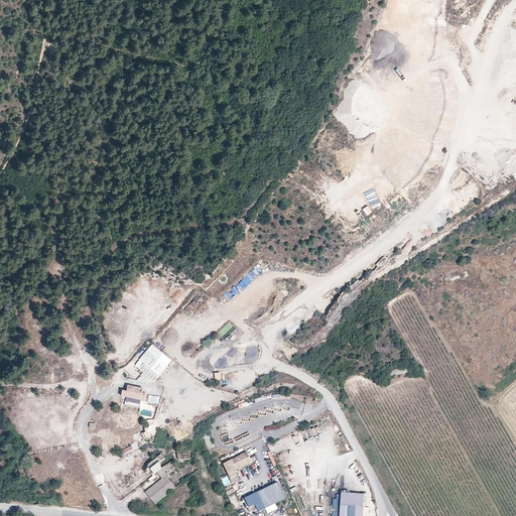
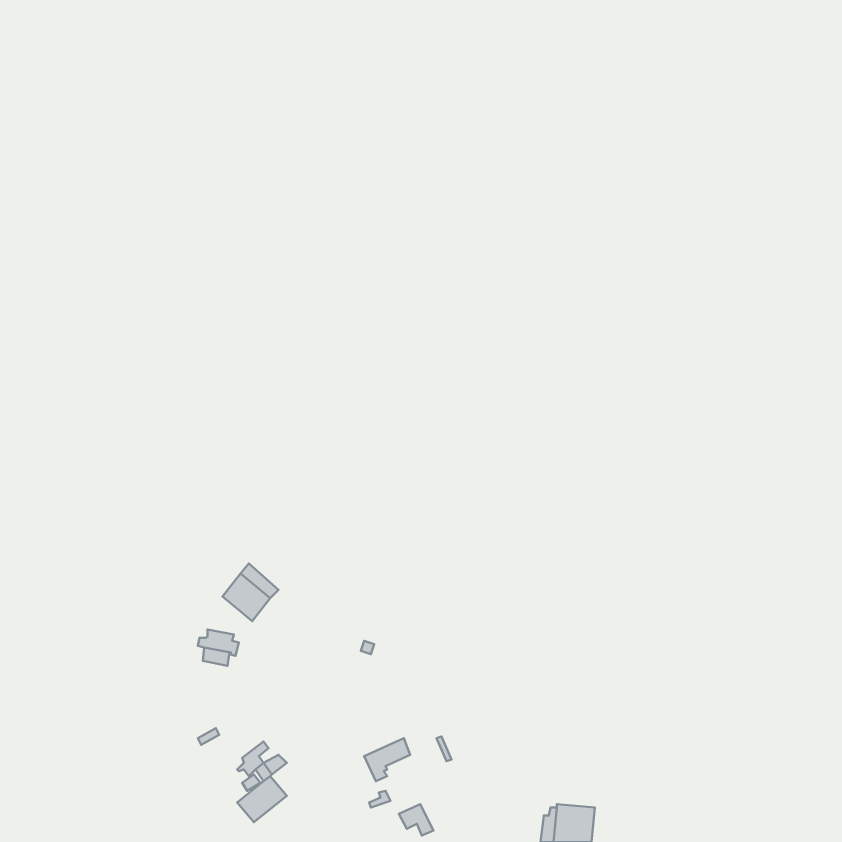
building: [257,482,285,508] -> none

